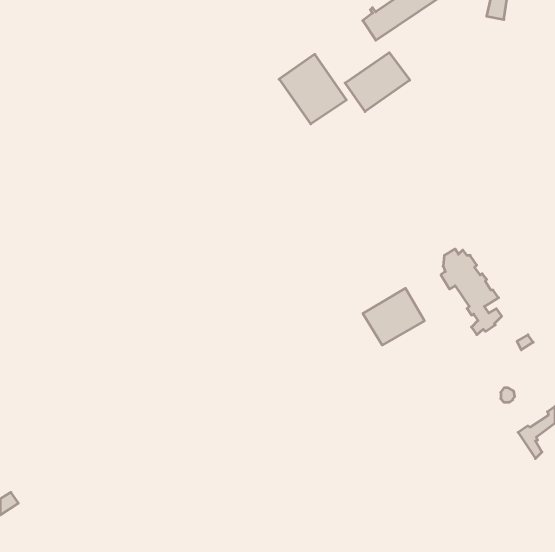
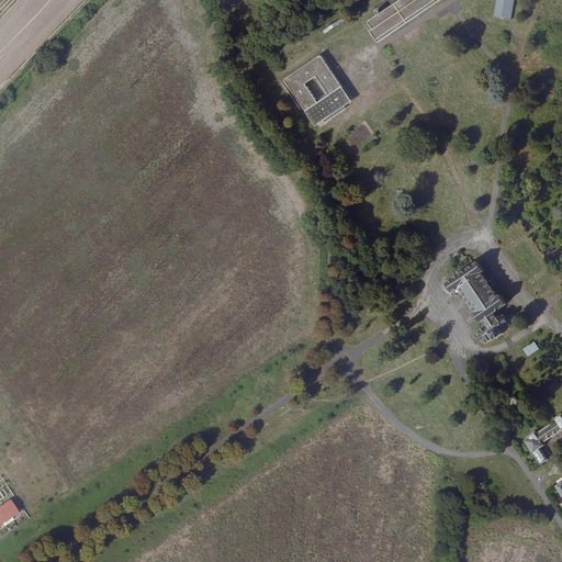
building: [345,53,410,112] -> none
building: [363,288,424,345] -> none

